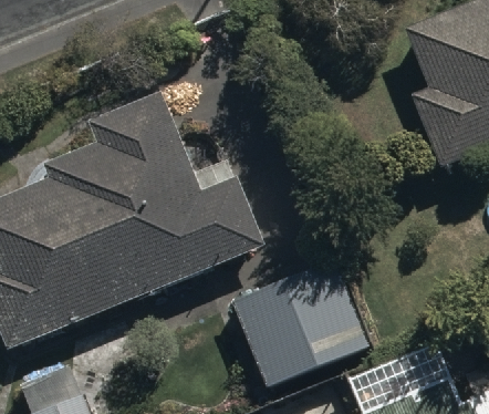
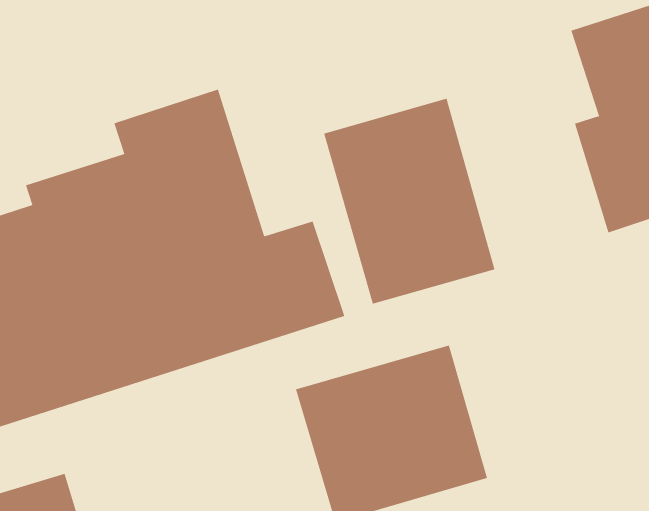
building: none -> [323,98,495,304]

